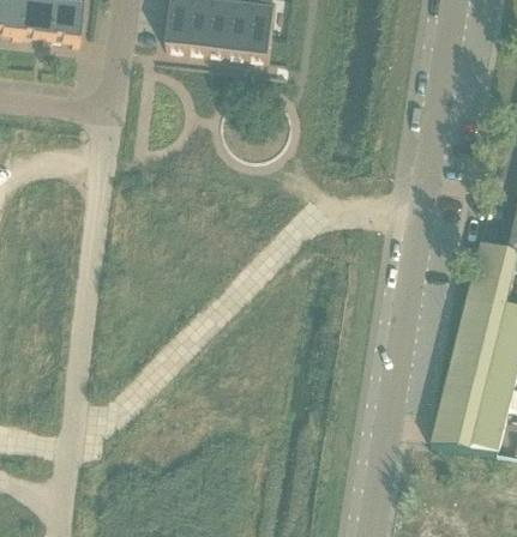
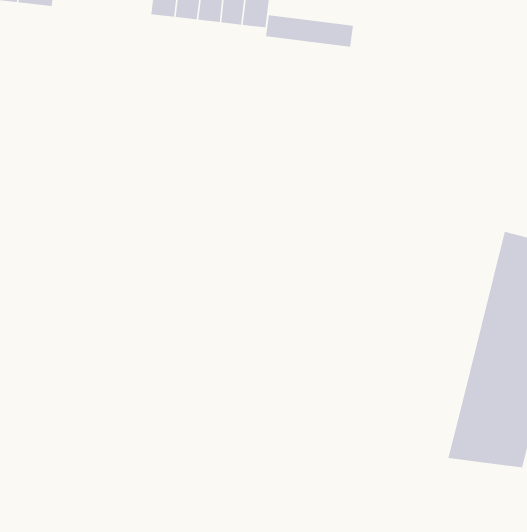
building: none -> [265,15,354,47]

